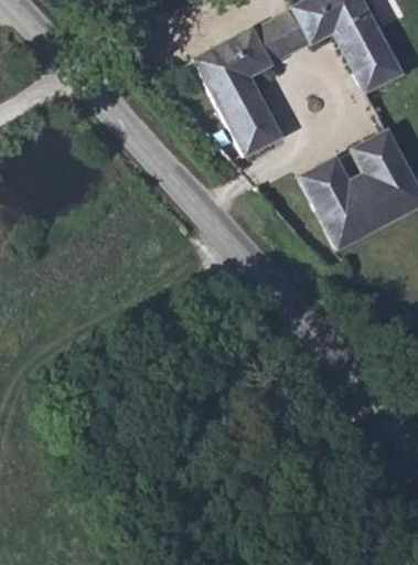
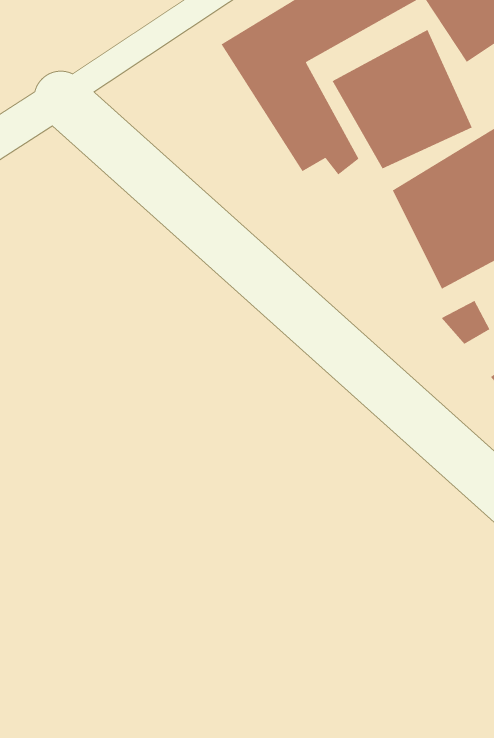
building: none -> [331,29,473,169]

